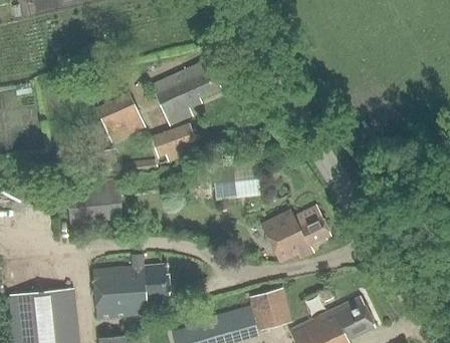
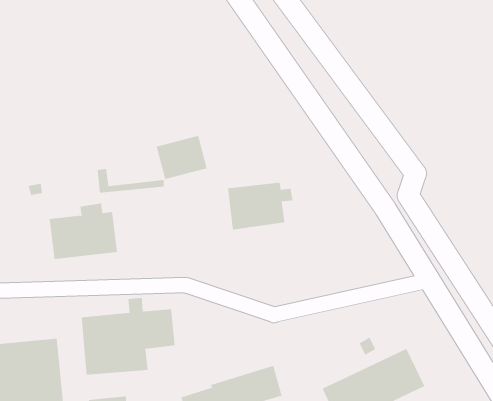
building: [150,61,220,125] -> none
building: [94,91,144,141] -> none
building: [260,206,329,263] -> none
building: [249,288,291,331] -> none

